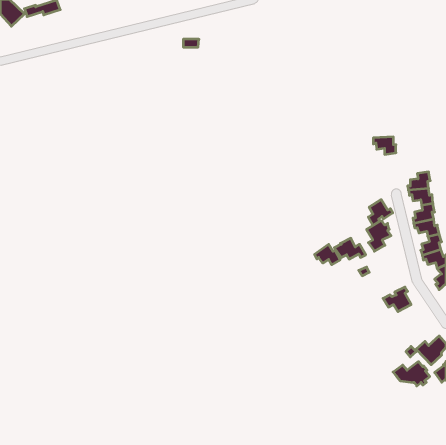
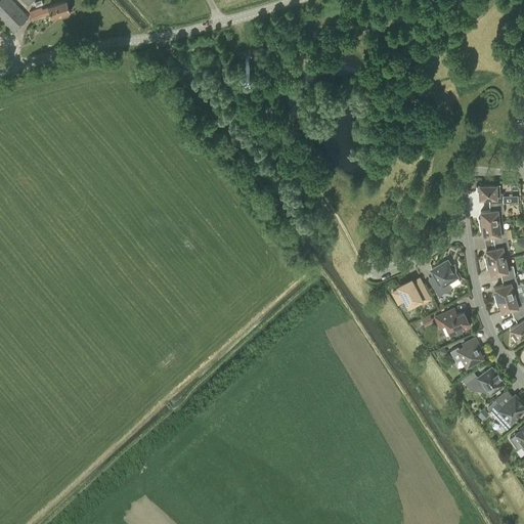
building: [373,137,396,154] -> [476,183,503,204]
building: [368,200,393,225] -> none
building: [315,244,340,265] -> none
building: none -> [435,307,470,335]
building: [393,362,430,386] -> [462,365,505,394]

